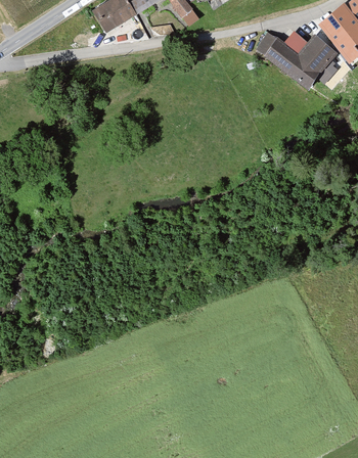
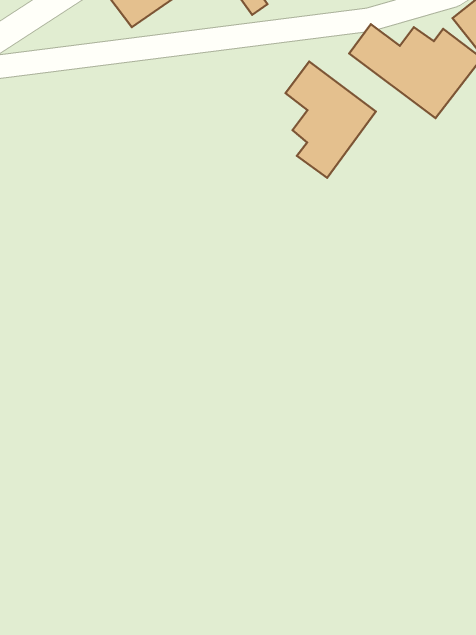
building: none -> [285,62,376,178]

